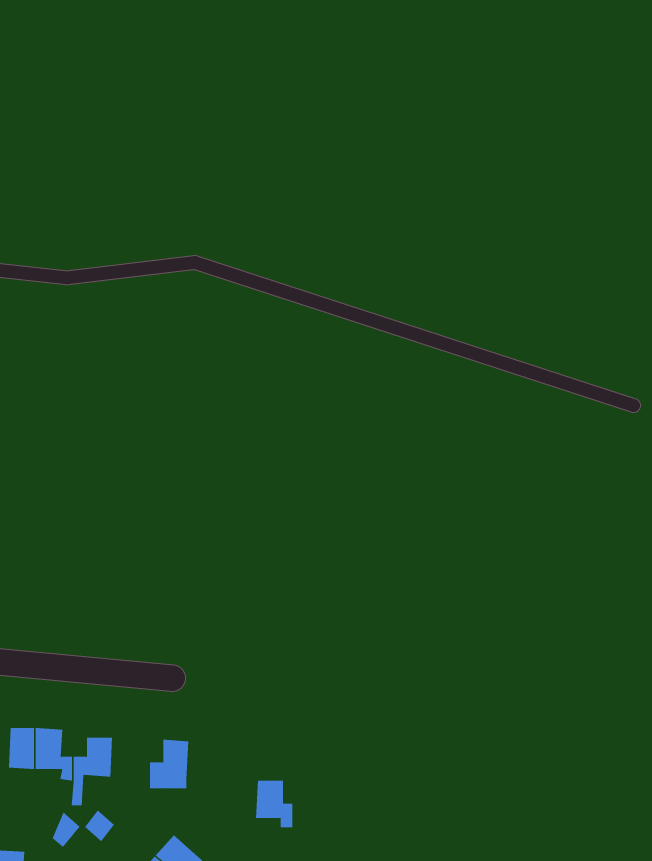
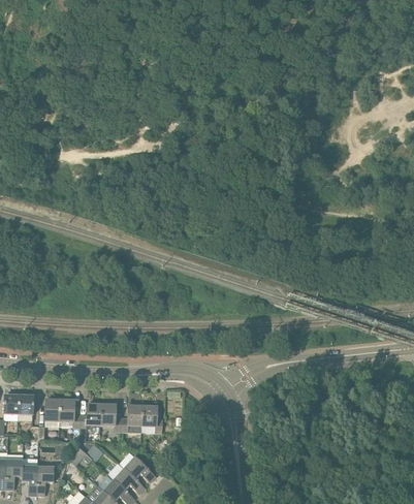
building: none -> [101,403,122,431]
building: [255,780,293,828] -> [142,405,163,431]

